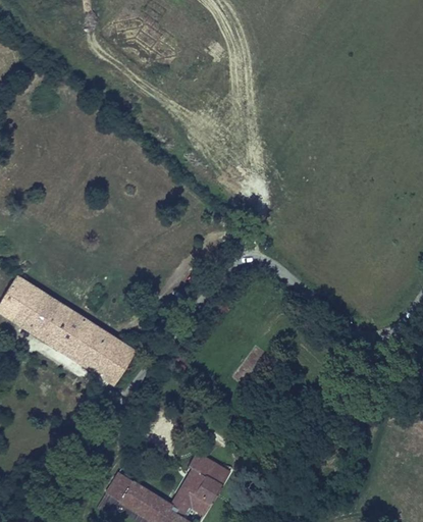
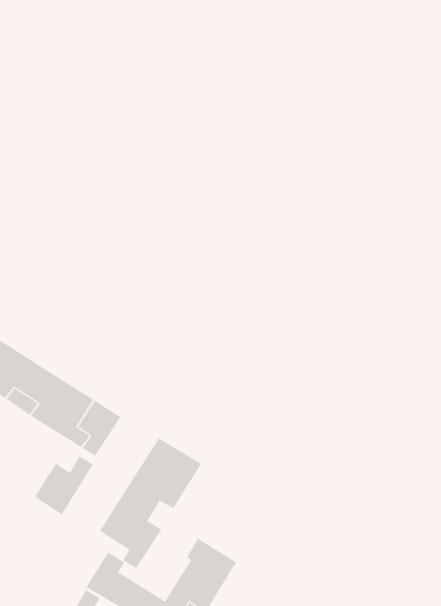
building: none -> [99,437,202,569]
building: none -> [34,455,93,515]

